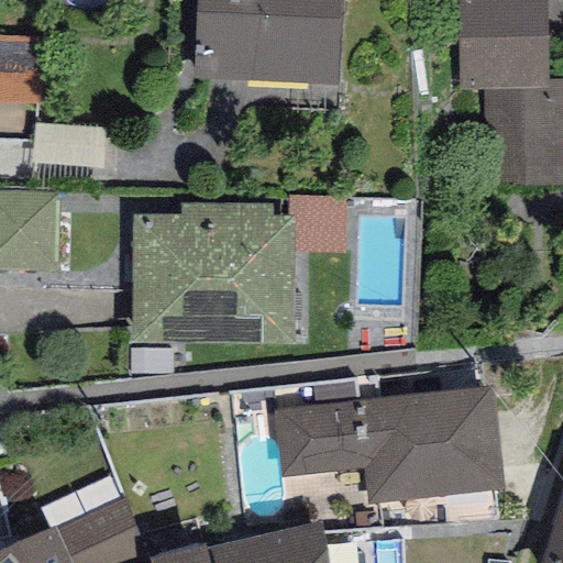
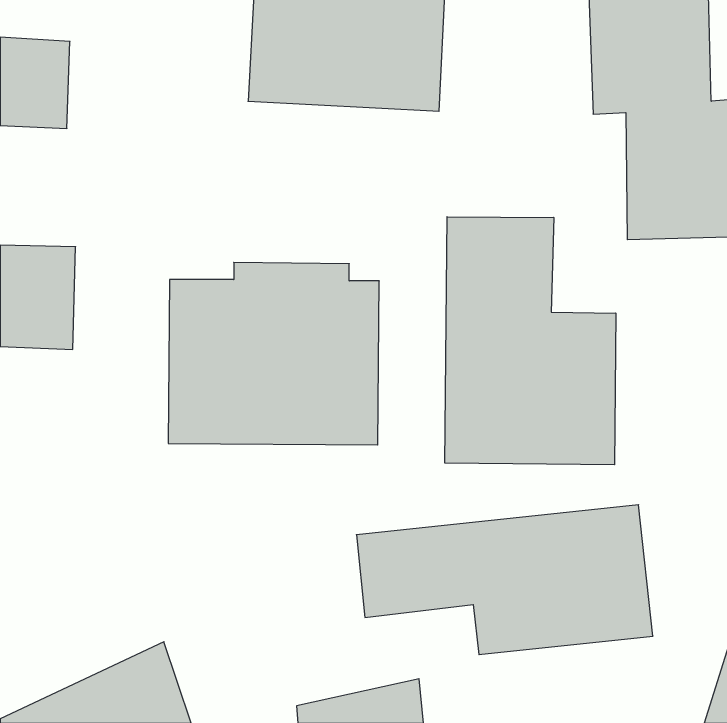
building: none -> [445,217,616,465]

